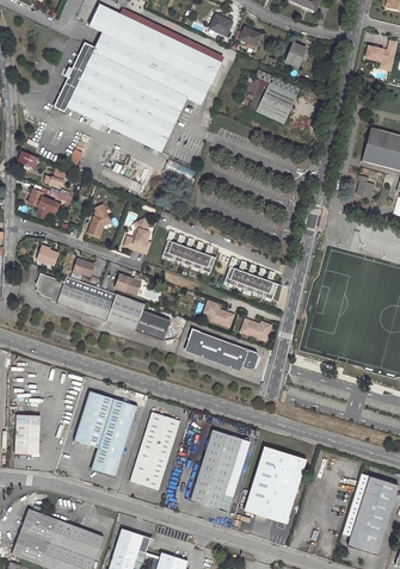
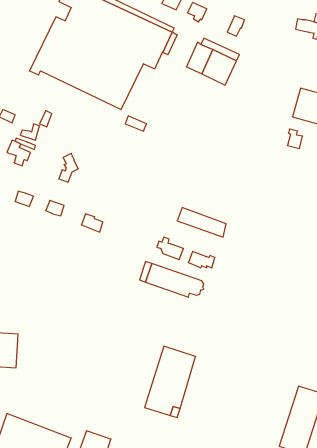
building: [124,218,152,254] -> none
building: [164,239,219,273] -> none
building: [35,273,170,340] -> none
building: [74,390,137,475] -> none
building: [129,412,180,489] -> none
building: [242,445,306,522] -> none

